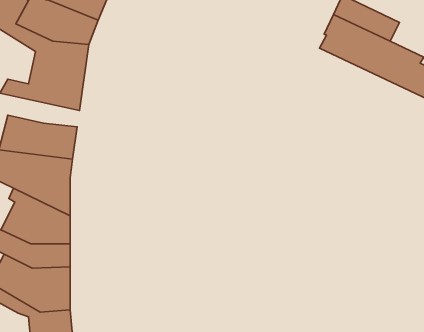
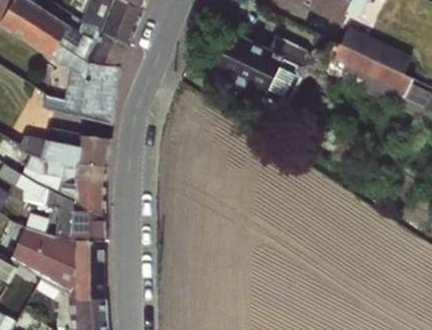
building: none -> [217,35,306,105]

